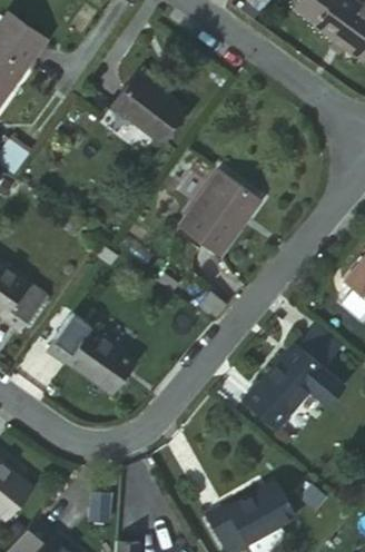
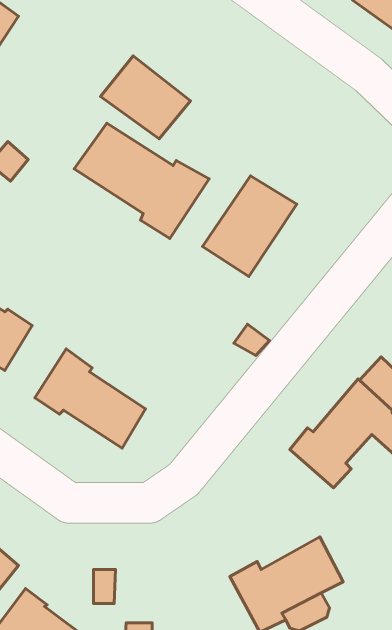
building: none -> [74,123,209,239]

